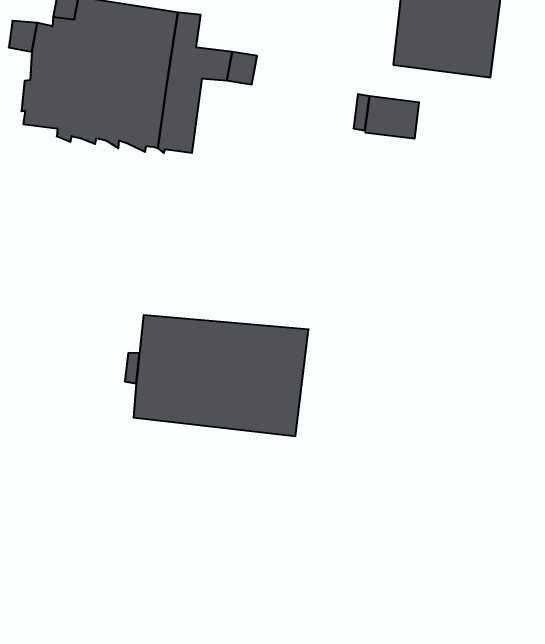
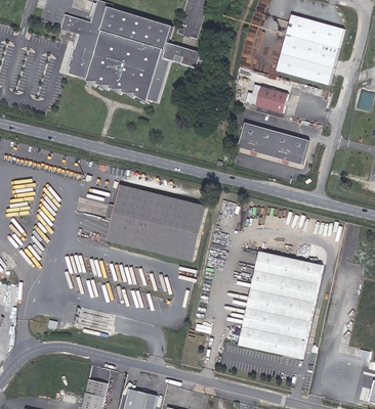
building: none -> [237,120,309,163]
building: none -> [238,253,322,361]

